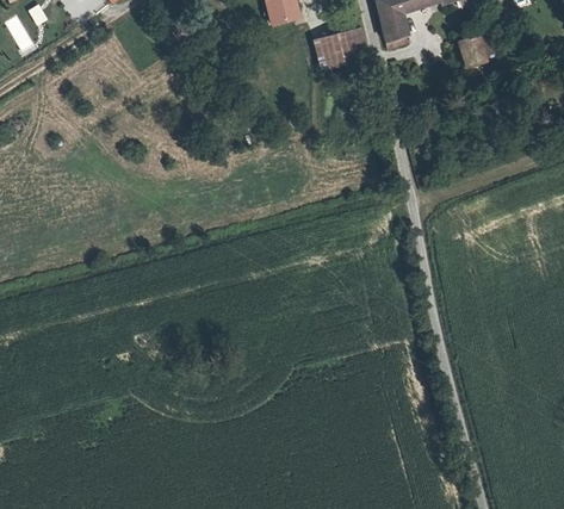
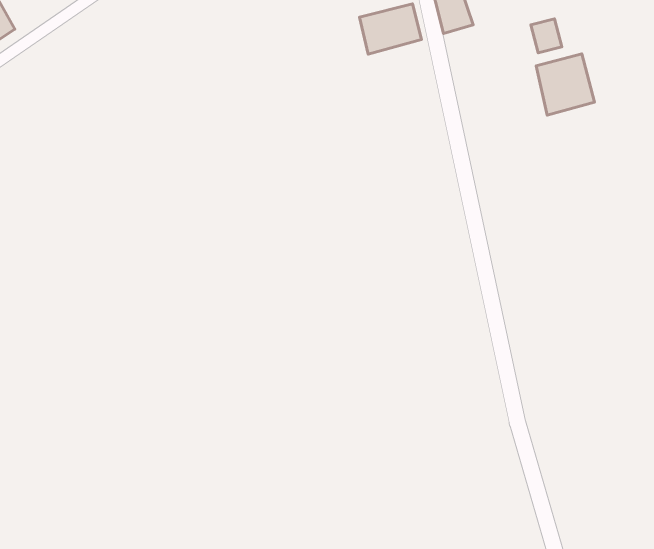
building: none -> [536,54,595,115]

